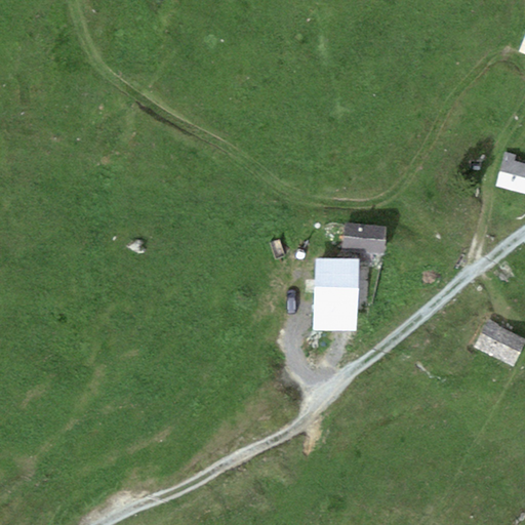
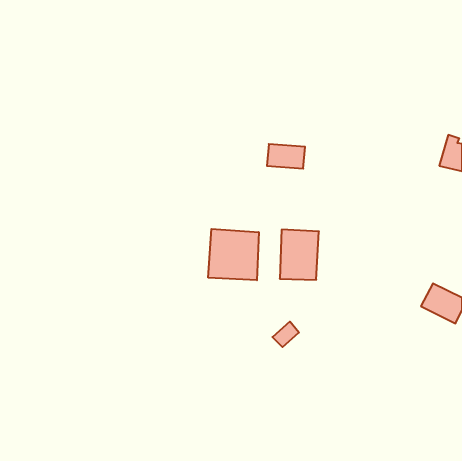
building: [344,223,387,250] -> [267,144,305,169]
building: none -> [208,229,259,280]

